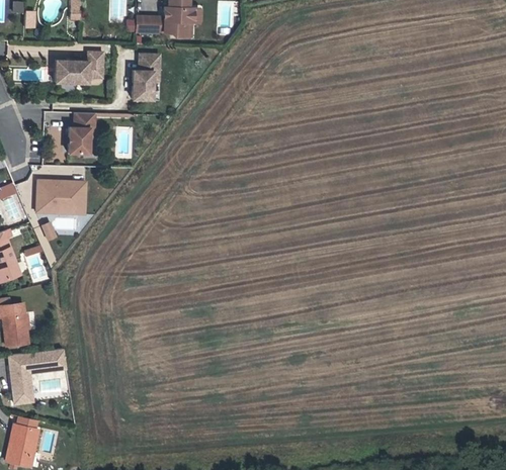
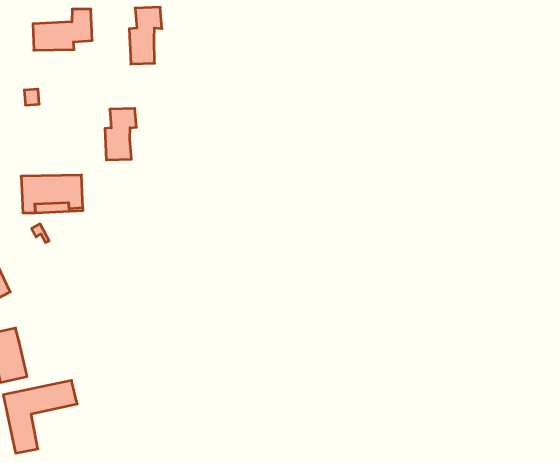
building: [68,111,94,153] -> [105,108,136,160]

